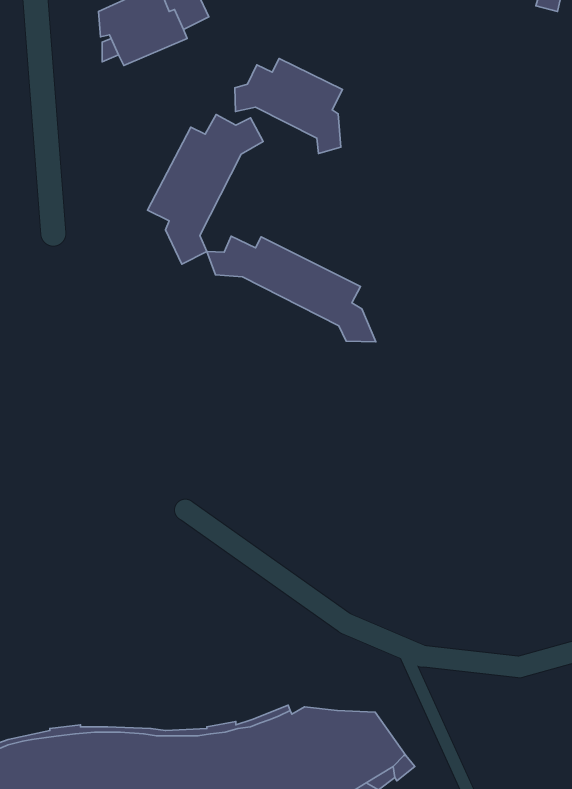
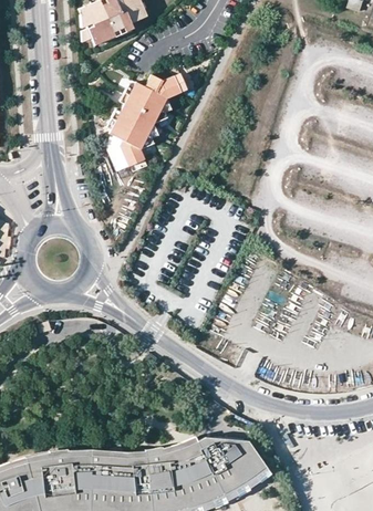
building: [235,59,343,154] -> none
building: [207,236,376,342] -> none

